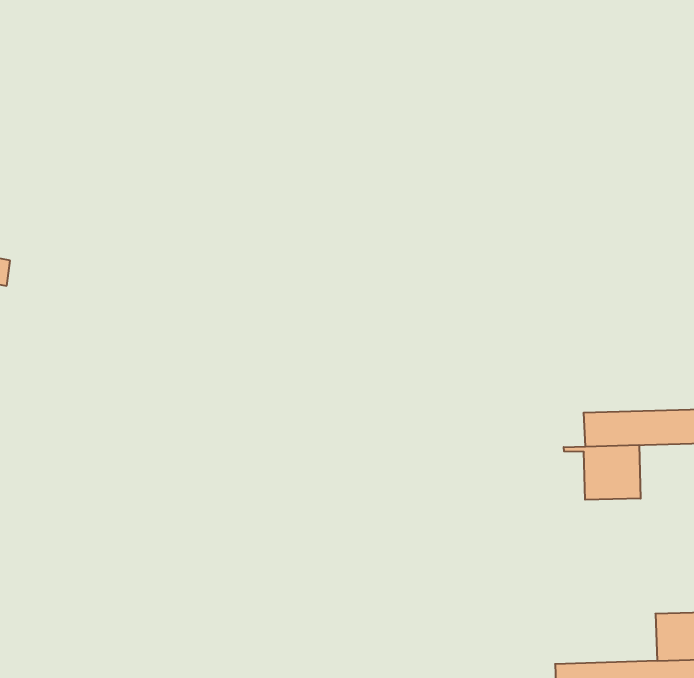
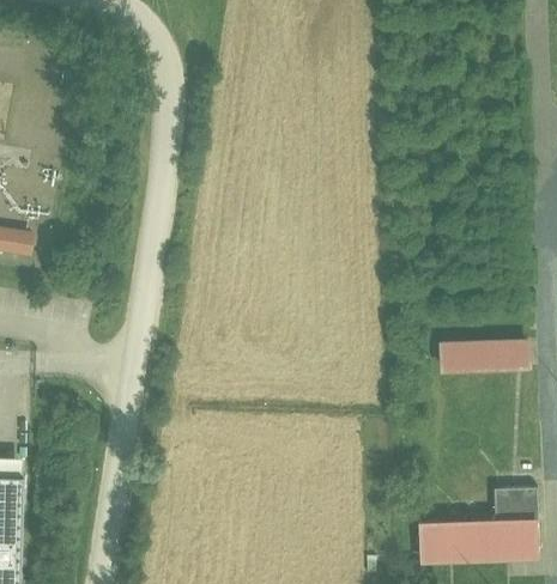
building: [564,445,641,500] -> none

